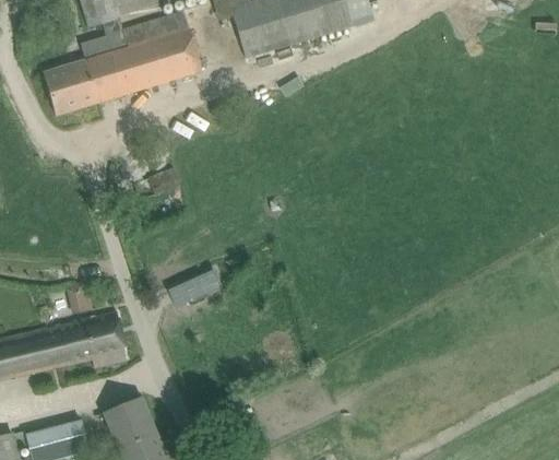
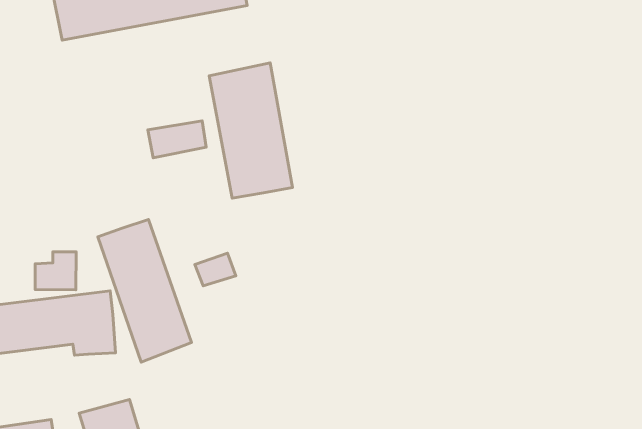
building: none -> [209,63,293,198]
building: none -> [98,220,192,362]

